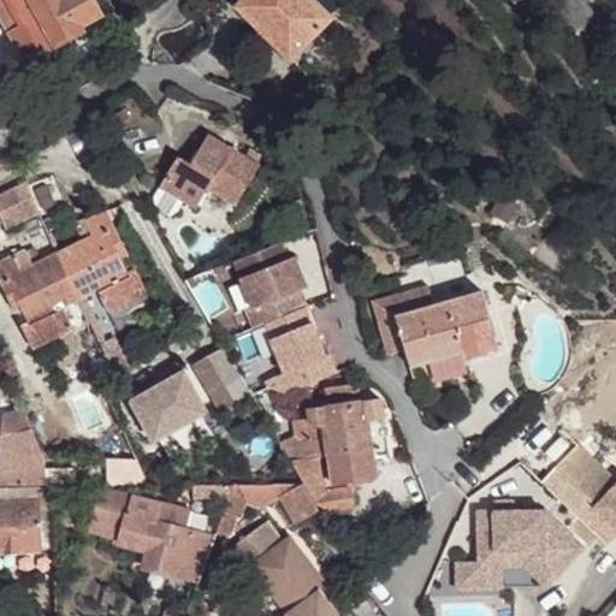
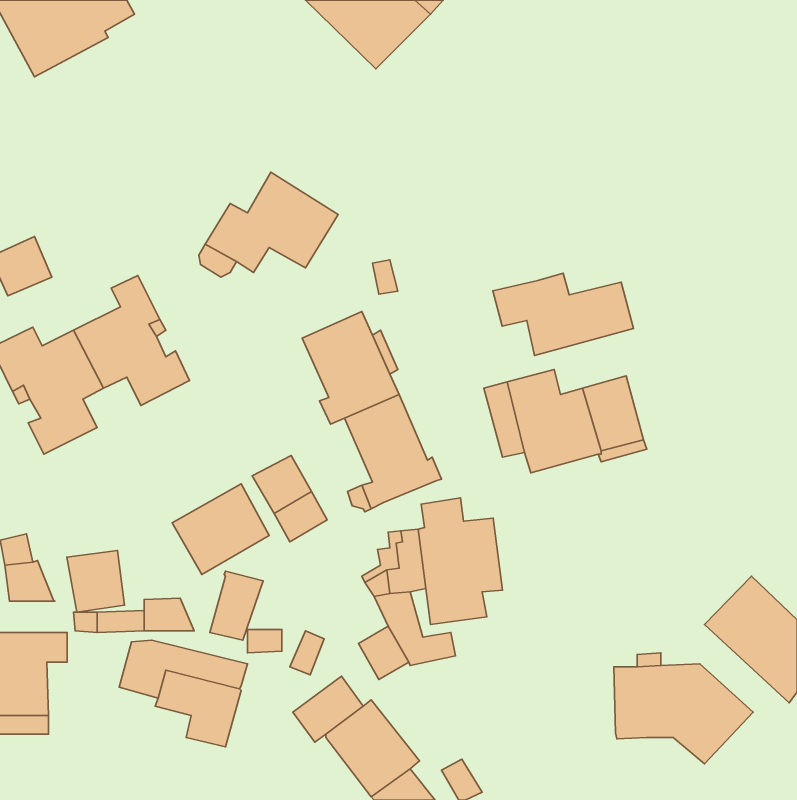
building: none -> [493,273,634,355]
building: none -> [67,550,125,612]
building: [173,527,214,580] -> [210,571,263,640]
building: [451,563,498,592] -> none

